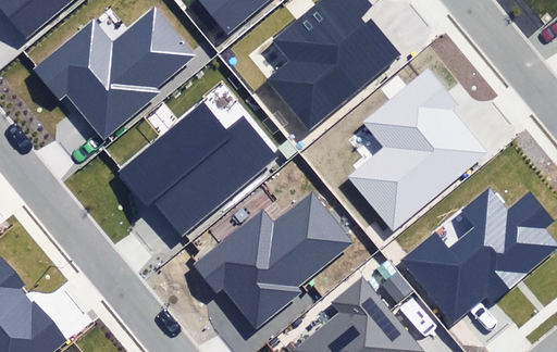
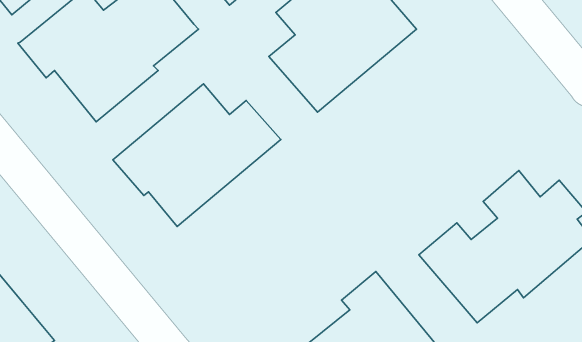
building: [346,68,486,231] -> none
building: [191,190,352,329] -> none

